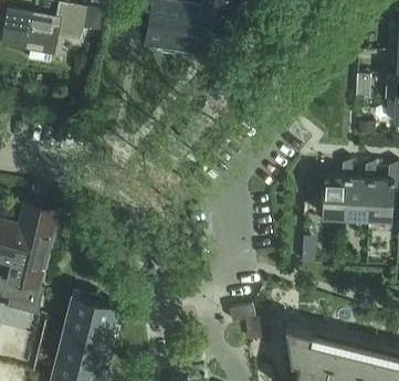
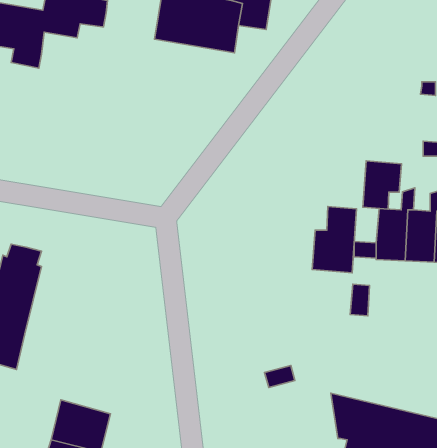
building: none -> [363,161,401,209]
building: none -> [312,207,356,273]
building: [67,296,116,341] -> none

